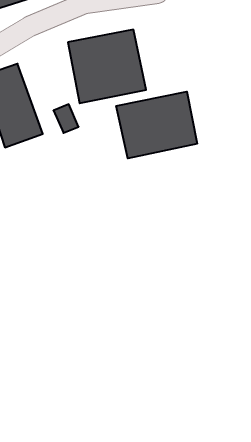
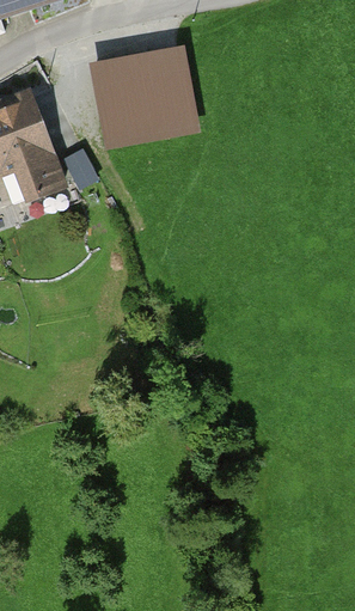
building: [116,92,197,158] -> none

